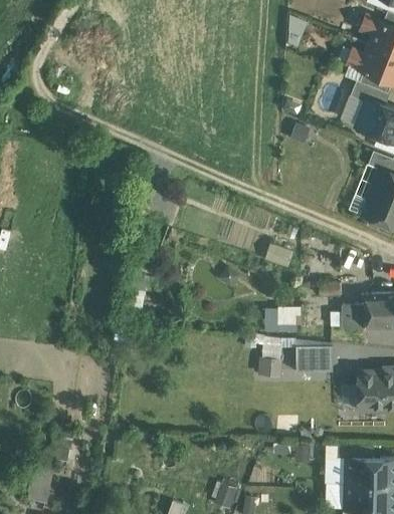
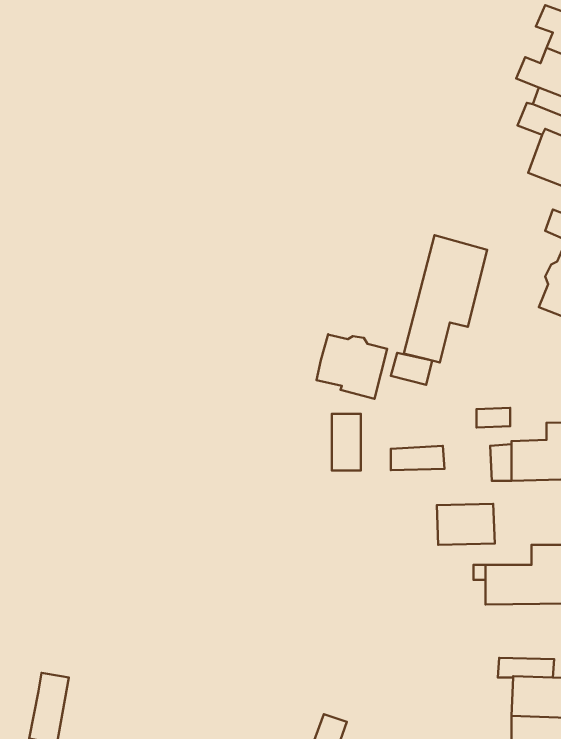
building: none -> [404,235,487,362]
building: none -> [316,334,387,399]
building: [262,339,281,376] -> [332,414,361,470]

